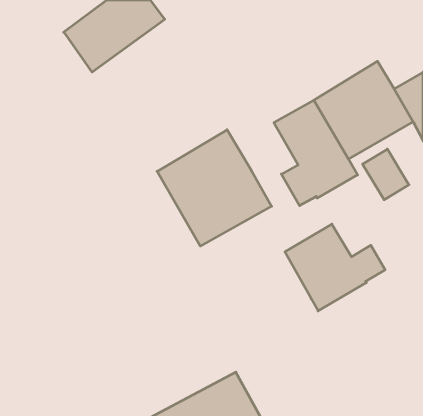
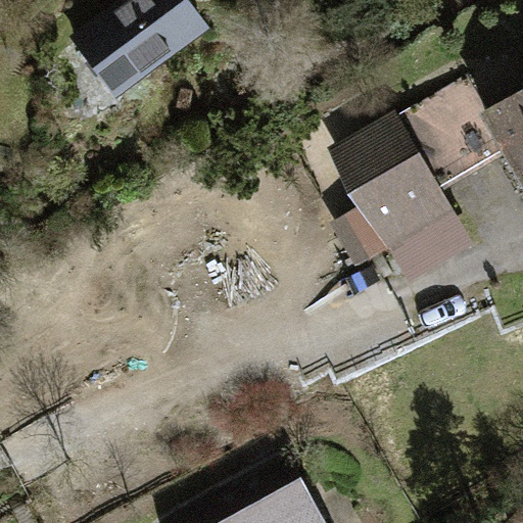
building: [157,130,272,246] -> none
building: [285,224,385,311] -> none

